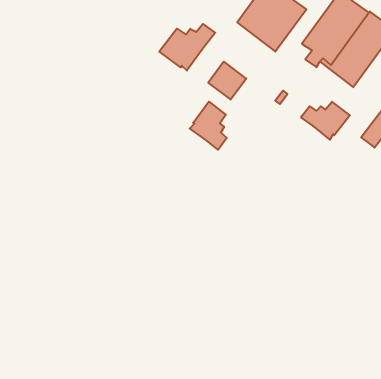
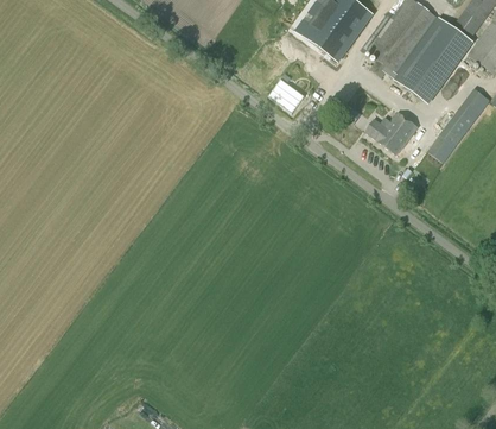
building: [159,24,215,71] -> none
building: [190,102,227,150] -> none

